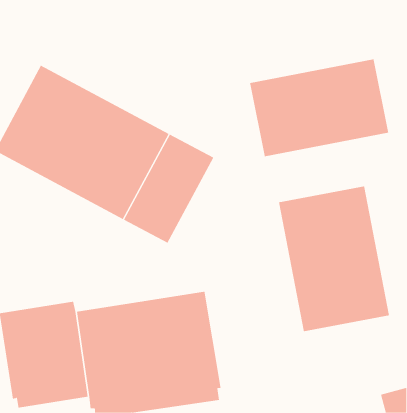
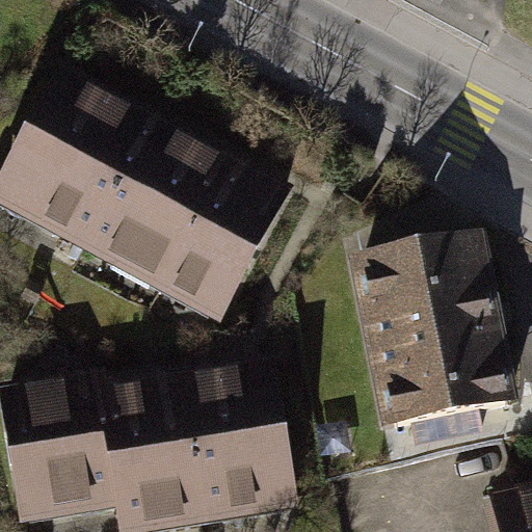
building: [249,58,389,157] -> none

